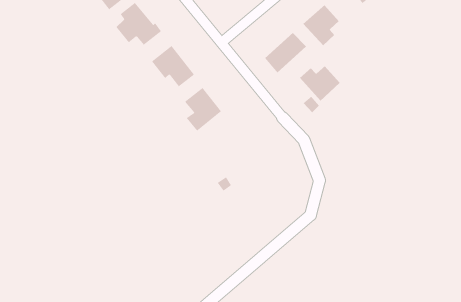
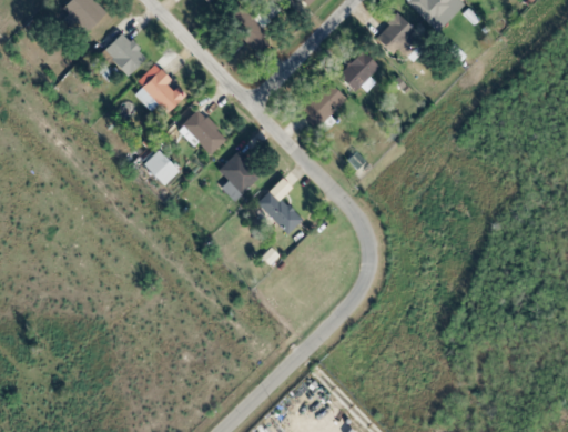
building: [299,65,341,102] -> none
building: none -> [143,150,179,185]
building: none -> [258,178,303,233]

